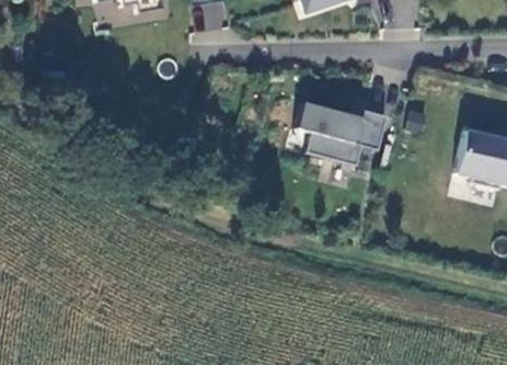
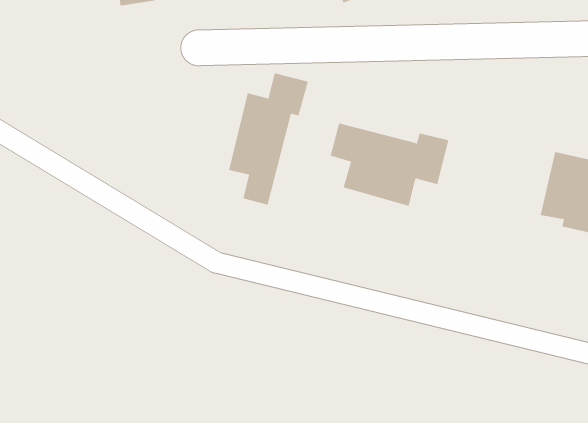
building: none -> [229,72,308,205]

